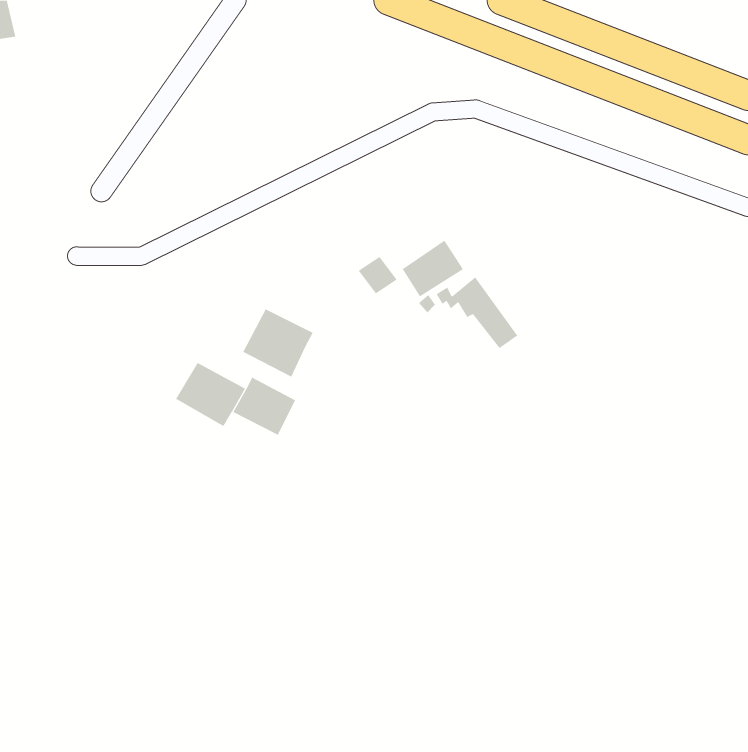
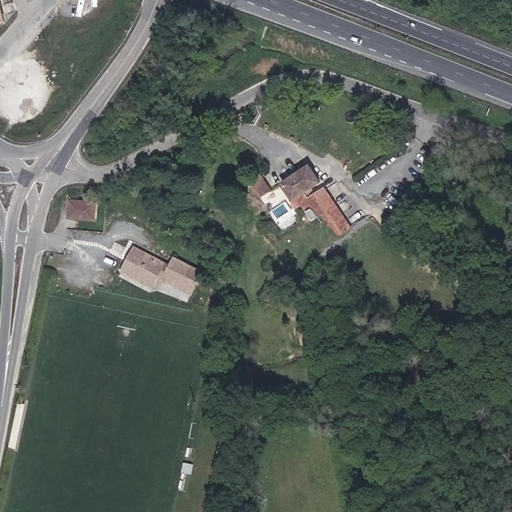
building: none -> [66,199,96,221]
building: [242,309,314,377] -> none

